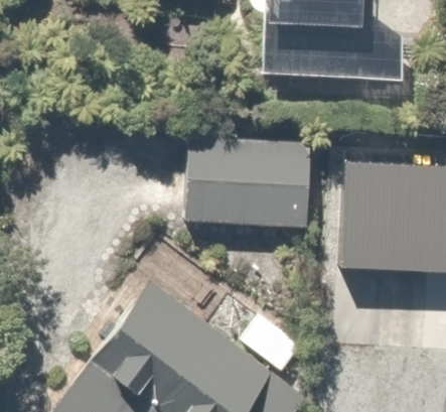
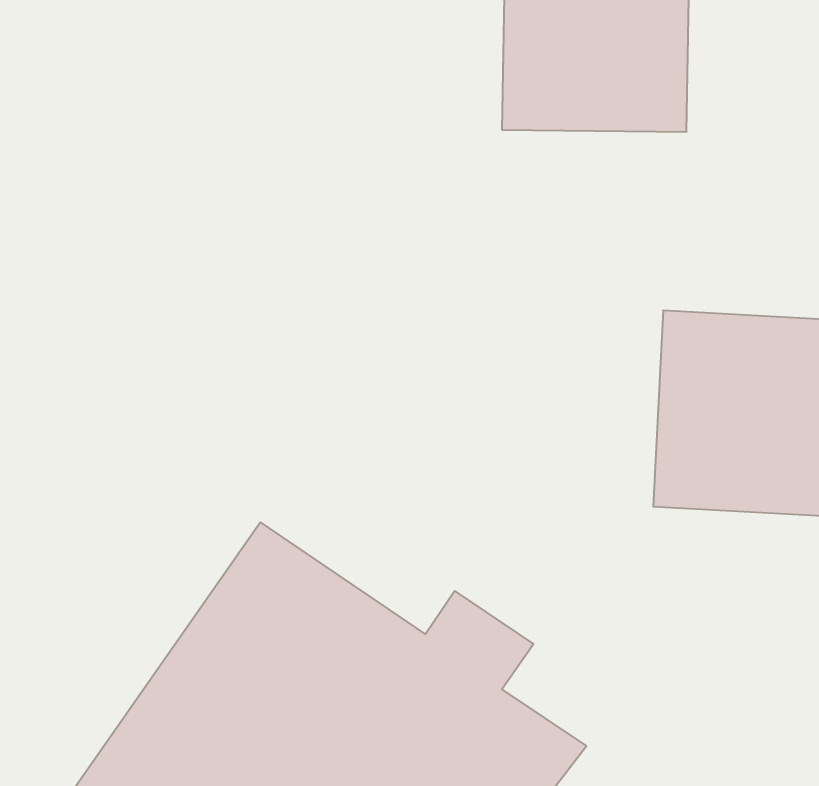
building: [189,137,314,232] -> none

